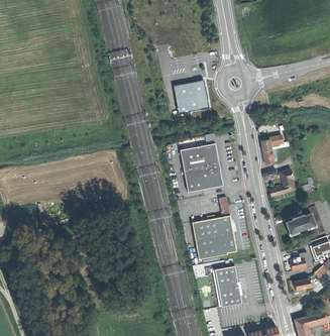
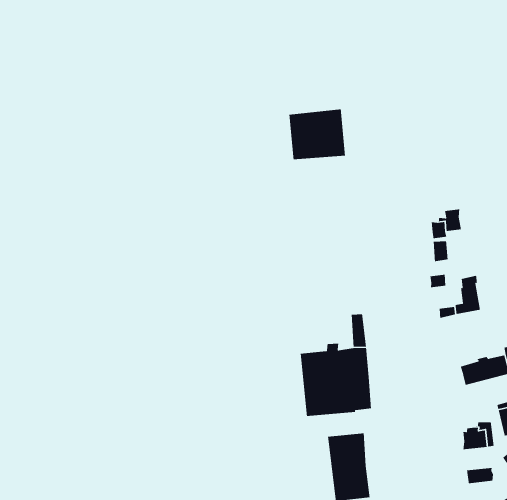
building: [180,142,223,192] -> none

